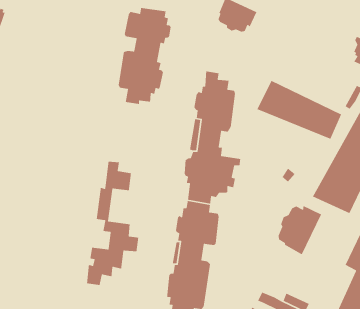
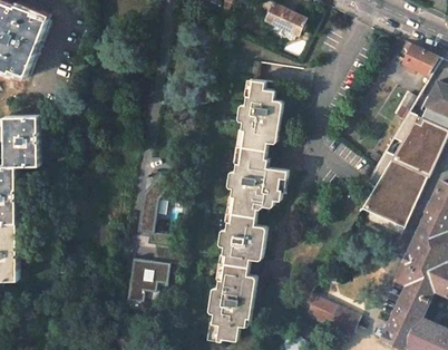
building: [118,7,172,105] -> none
building: [256,80,342,140] -> none
building: [278,205,322,256] -> none

